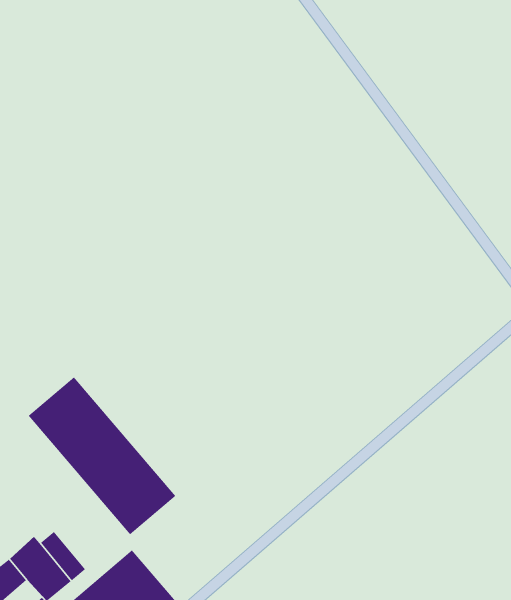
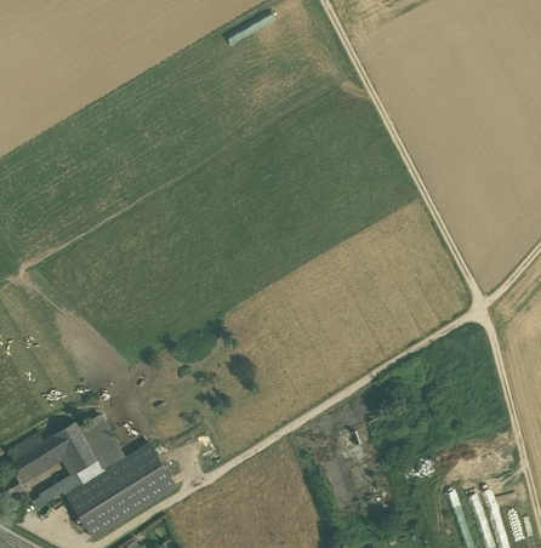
building: [28,377,176,535] -> none

